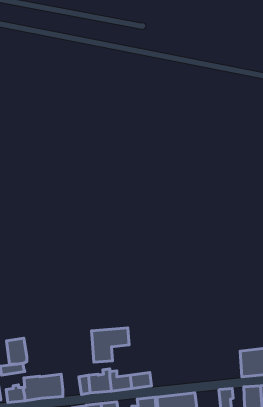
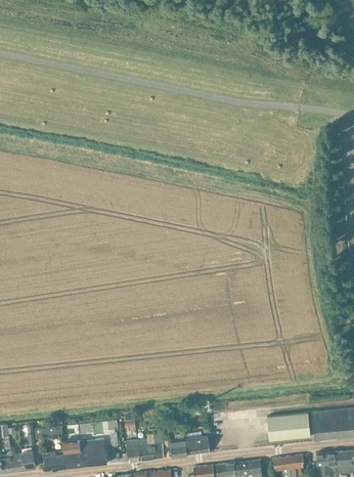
building: [92,328,129,362] -> none
building: [7,338,27,364] -> none
building: none -> [266,413,310,441]

